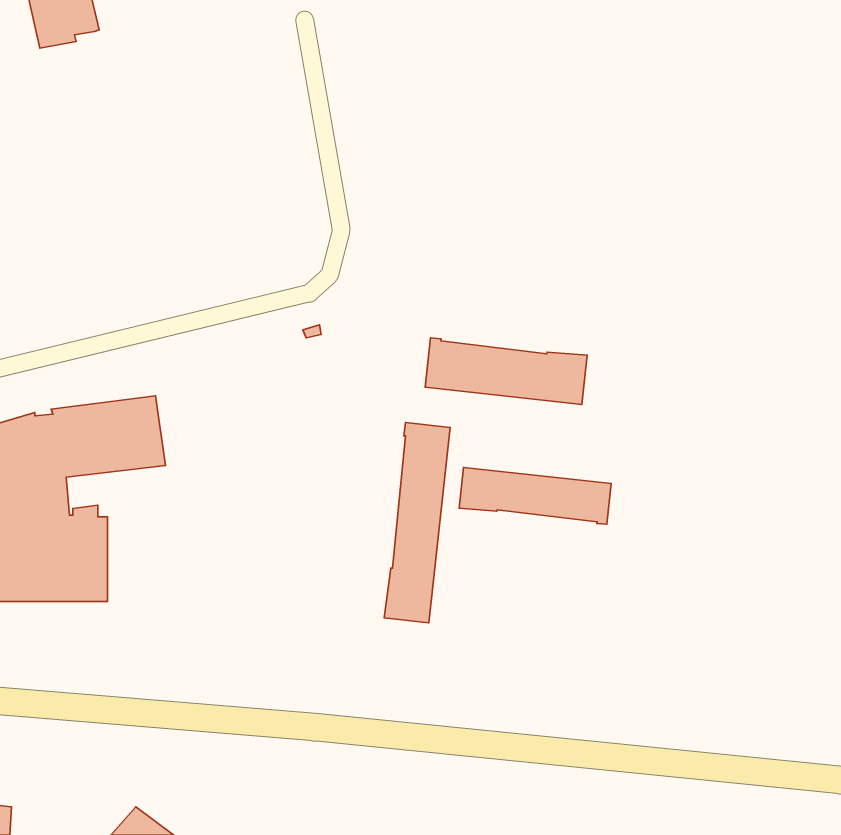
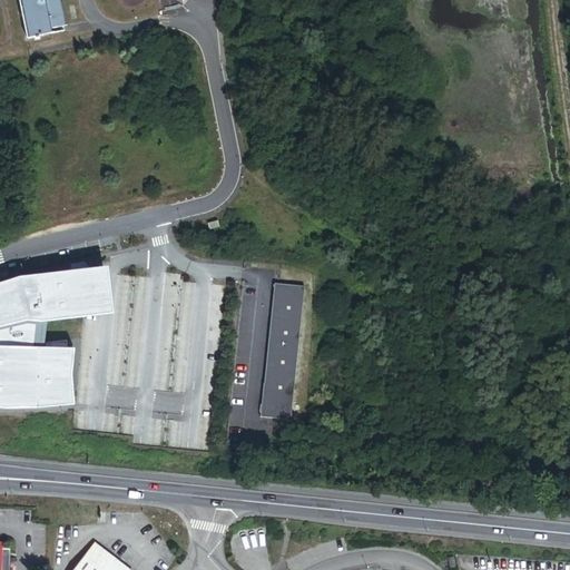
building: [425,338,587,405] -> none
building: [459,467,611,524] -> none

